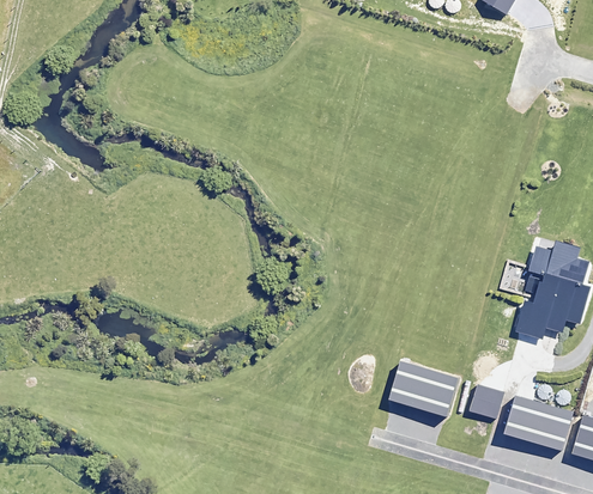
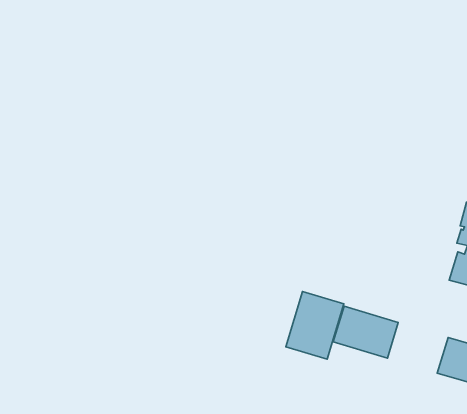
building: none -> [286,292,344,359]
building: [470,384,506,419] -> none

